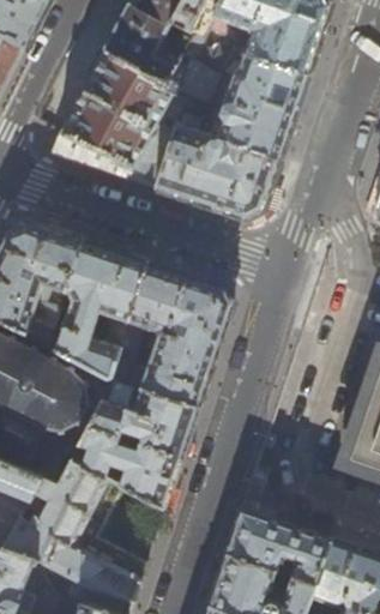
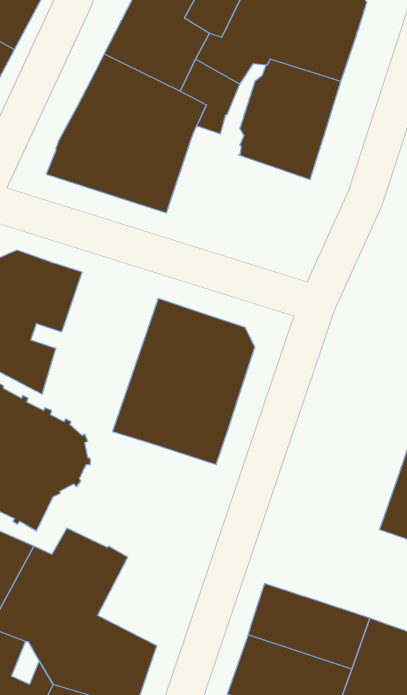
building: [155,122,279,218] -> none
building: [54,239,147,377] -> none
building: [68,386,198,507] -> none

